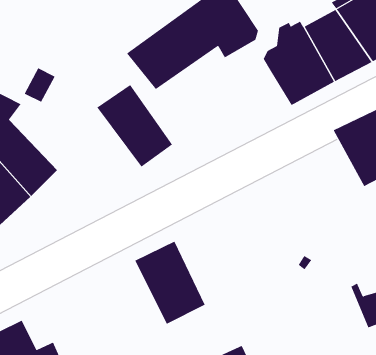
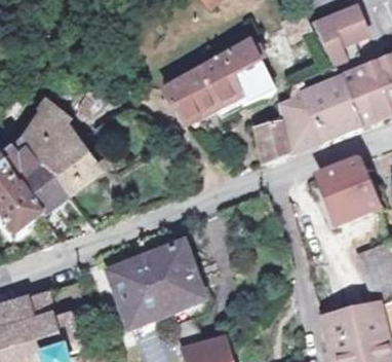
building: none -> [252,120,289,159]
building: [96,84,173,168] -> none
building: none -> [107,256,163,324]

